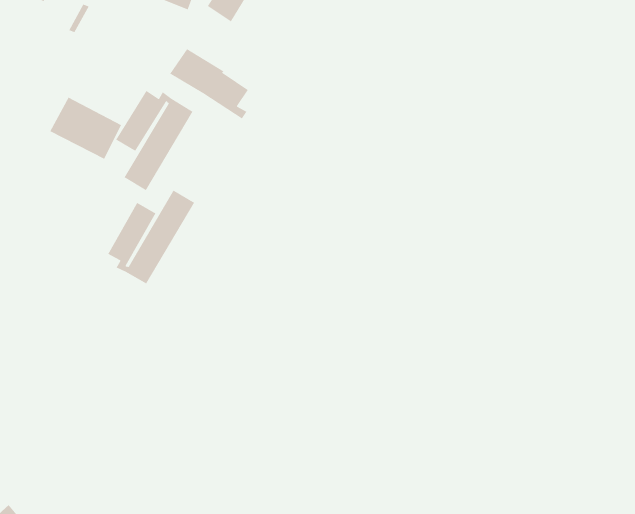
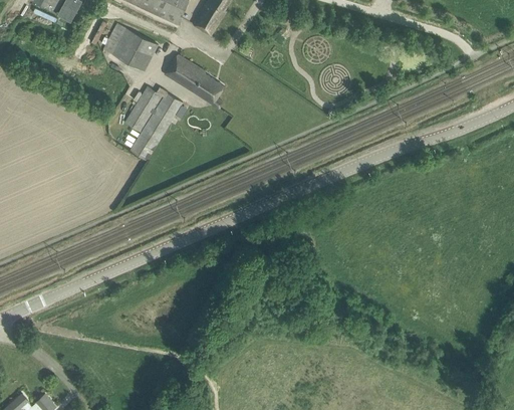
building: [49,96,122,160] -> [103,23,158,70]
building: [107,190,195,284] -> none

